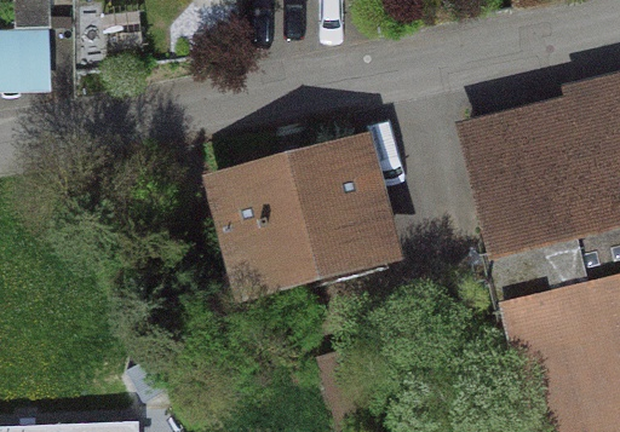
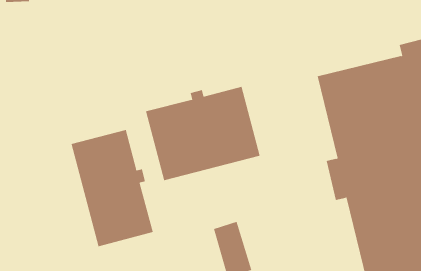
building: none -> [71,129,154,247]

